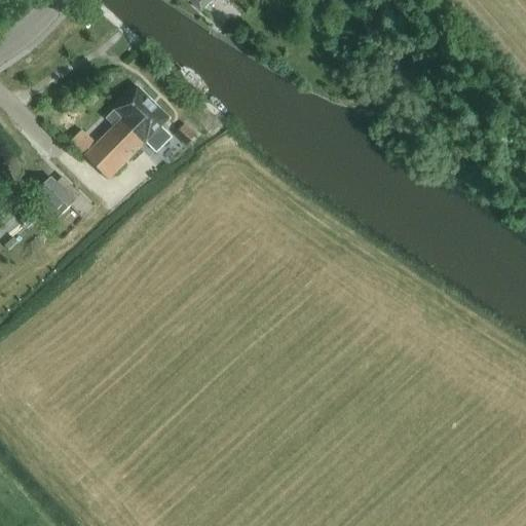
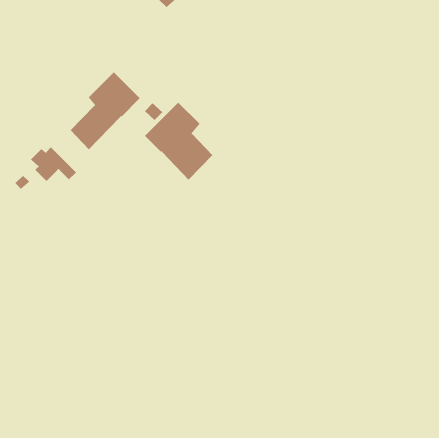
building: none -> [144,102,213,180]

